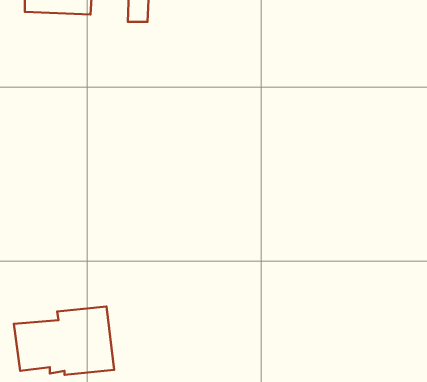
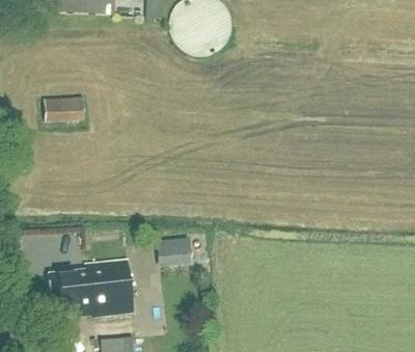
building: none -> [43,97,84,121]
building: none -> [160,234,193,262]

